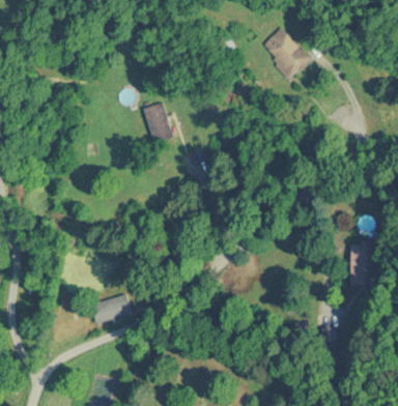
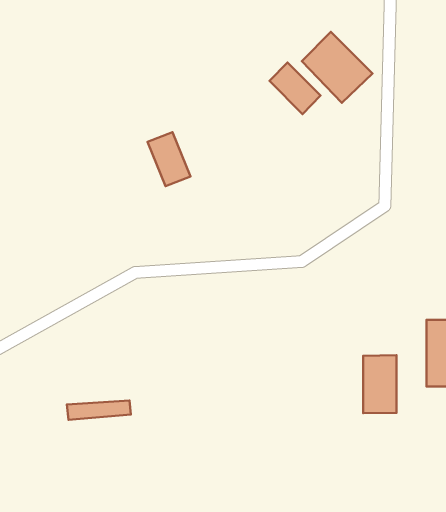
building: none -> [270,62,321,114]
building: none -> [363,355,396,413]

